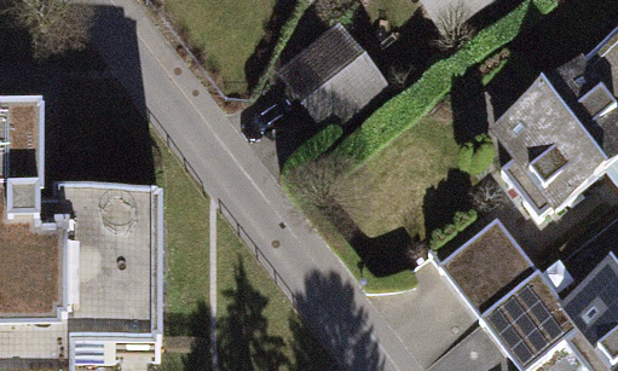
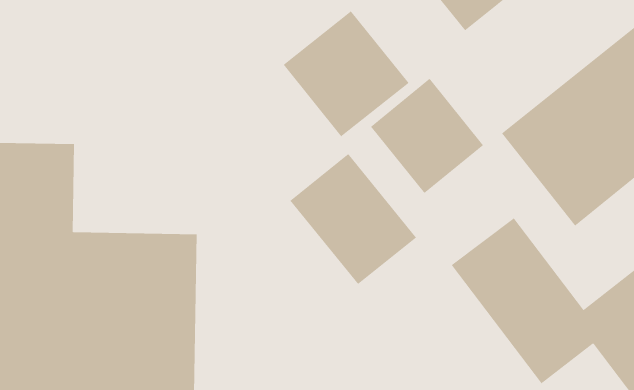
building: none -> [370,78,484,194]
building: none -> [290,153,417,285]

